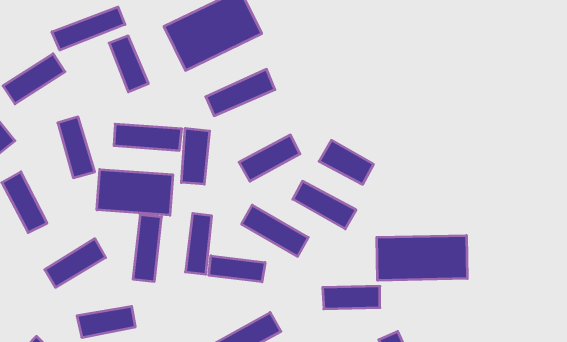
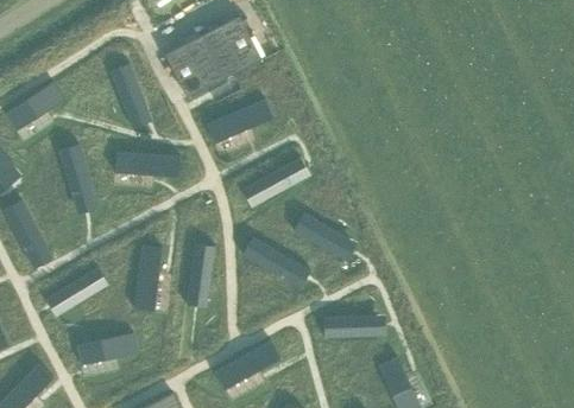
building: [52,7,125,50] -> none
building: [181,128,210,184] -> none
building: [319,140,373,184] -> none
building: [97,169,173,215] -> none
building: [377,235,467,280] -> none
building: [209,256,265,282] -> none

